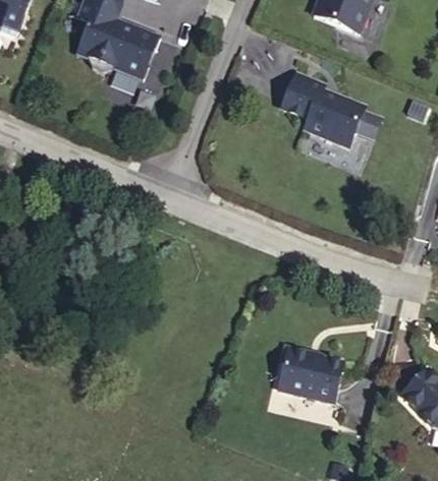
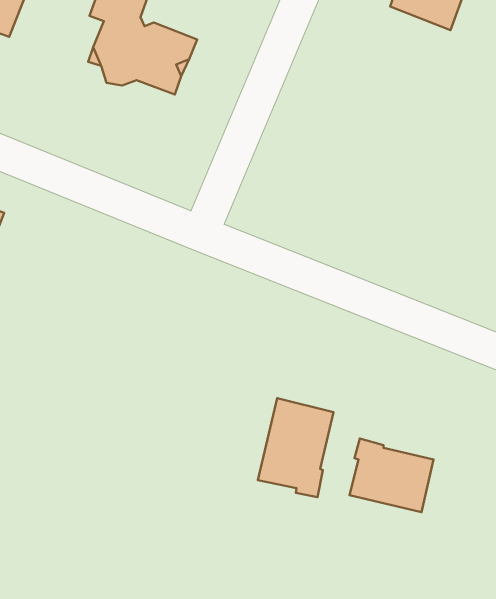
building: [281,72,366,148] -> none
building: none -> [258,398,334,497]

